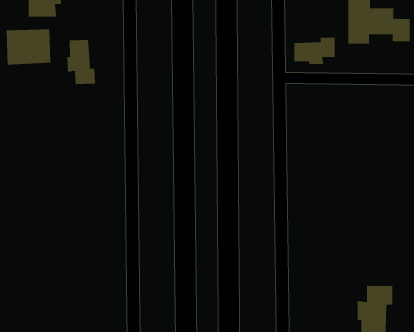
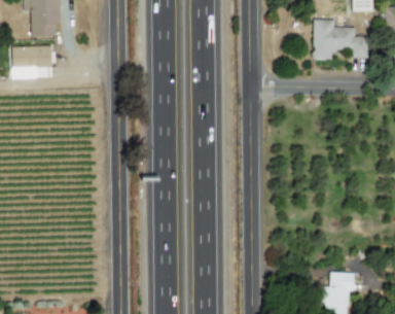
building: [294,37,335,65] -> none
building: [67,39,95,85] -> none

